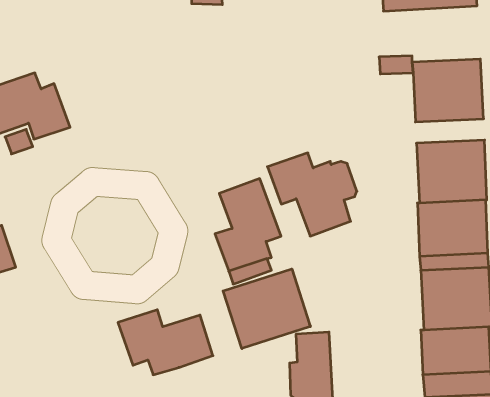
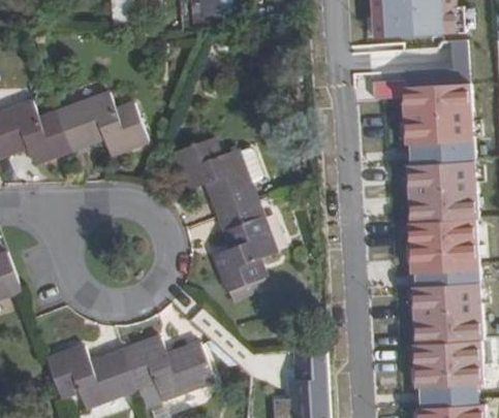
building: none -> [57,90,150,153]
building: none -> [407,144,474,168]
building: [267,153,357,236] -> [176,136,262,217]
building: [223,269,310,349] -> none
building: none -> [42,336,133,400]

